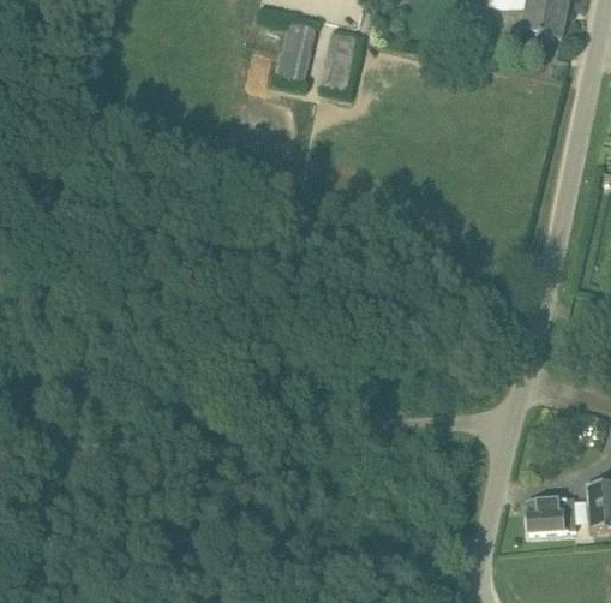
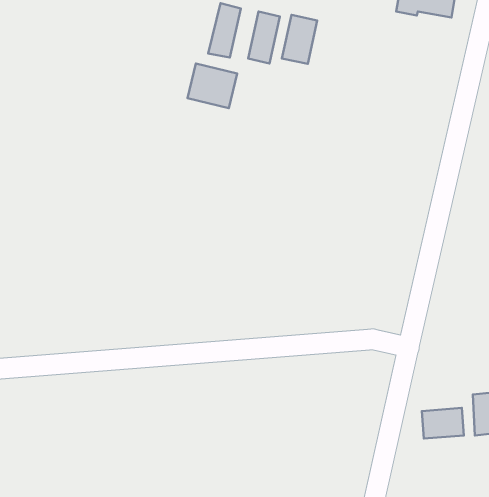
building: none -> [282,15,317,64]
building: none -> [188,63,237,108]

